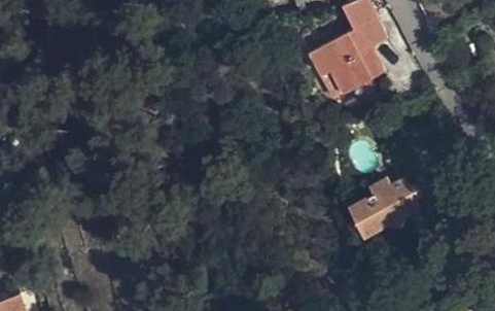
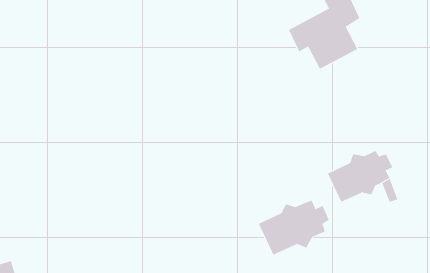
building: none -> [258,200,329,256]

